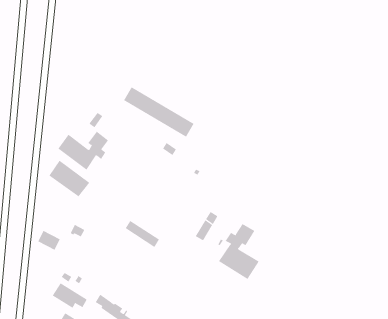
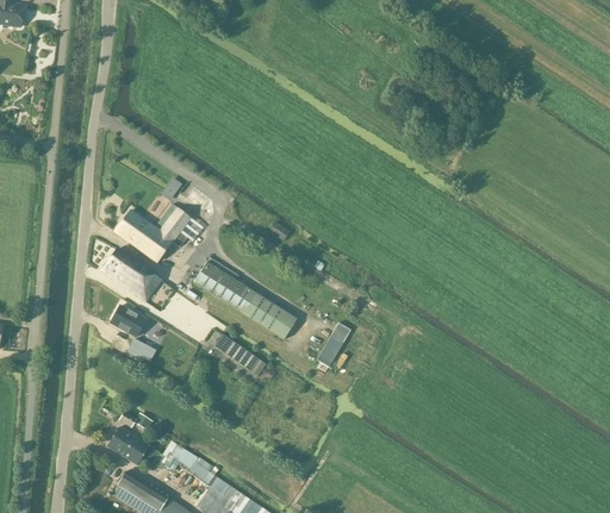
building: [123,86,194,138] -> [193,262,298,337]
building: [218,223,259,280] -> none
building: [38,230,60,250] -> [111,306,144,336]

